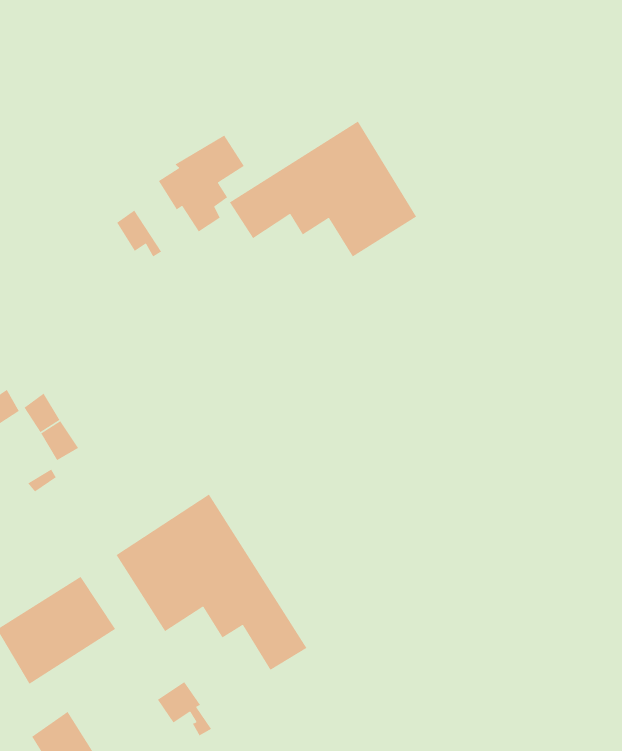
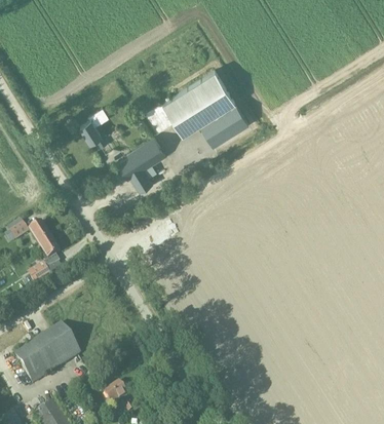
building: [158,135,245,233] -> [118,137,166,191]
building: [116,494,308,671] -> none

